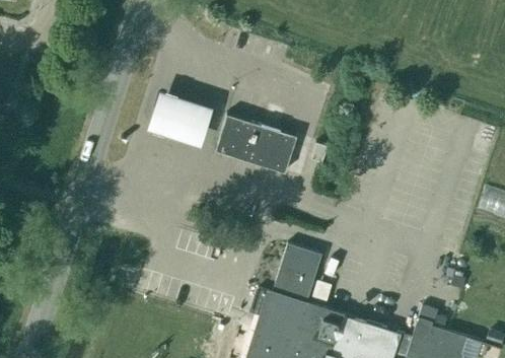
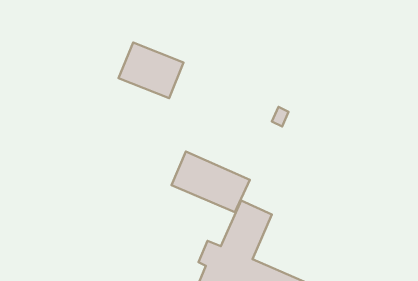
building: [216,116,297,173] -> [171,151,250,212]

